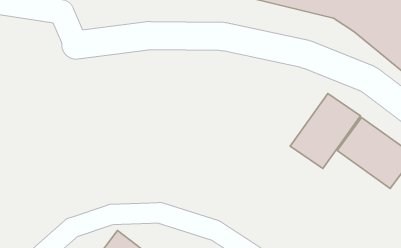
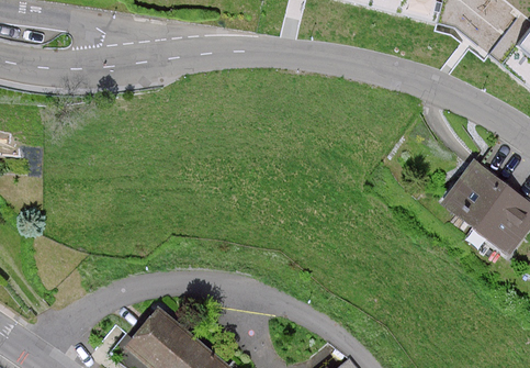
building: [290,94,360,169] -> none

